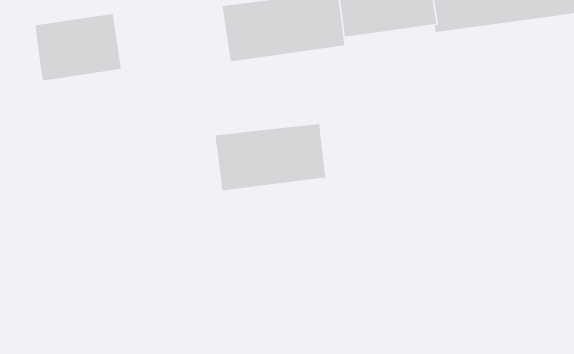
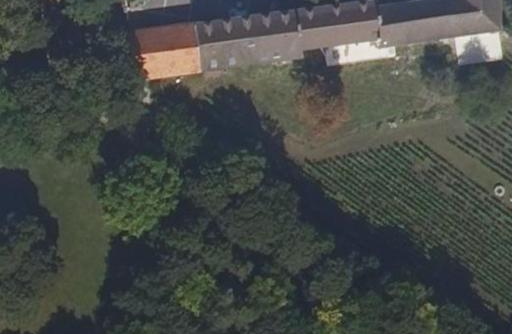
building: [35,13,122,81] -> [127,22,202,80]
building: [215,123,327,191] -> none

